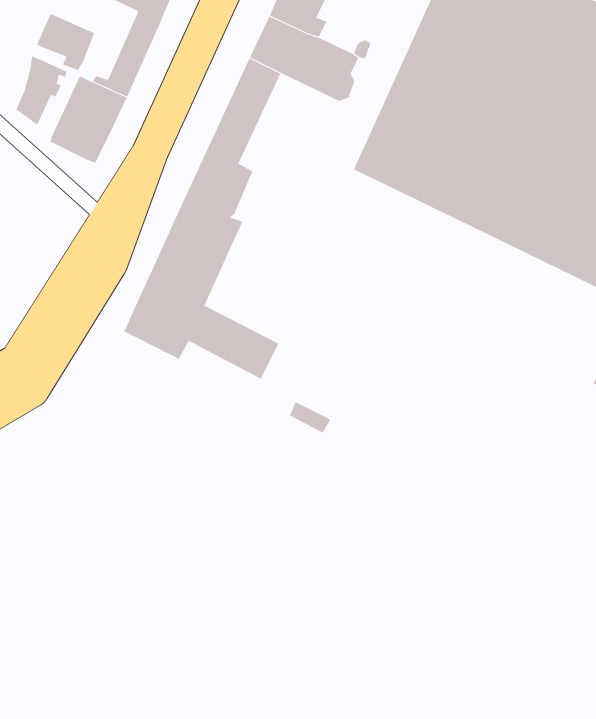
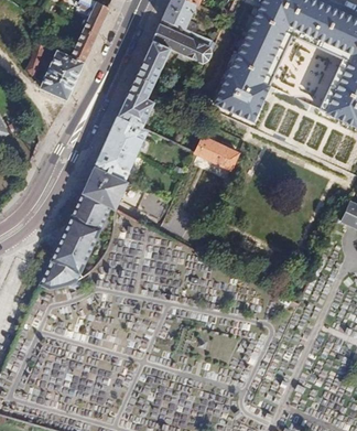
building: [36,13,95,71] -> none
building: none -> [196,133,246,168]
building: none -> [34,191,108,290]

